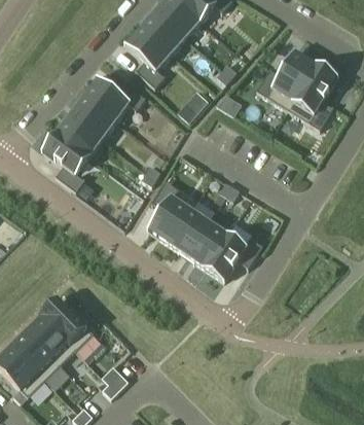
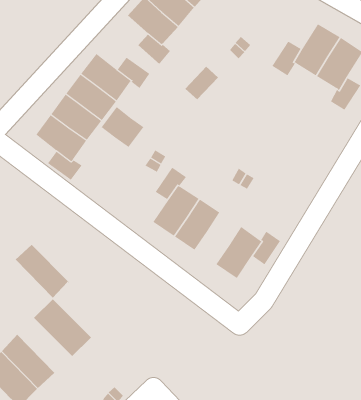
building: none -> [101,106,144,148]
building: [185,220,226,267] -> none
building: [26,315,75,364] -> [15,243,70,298]

